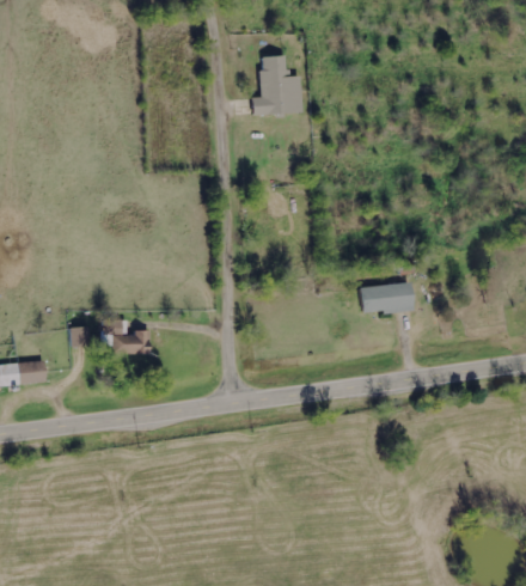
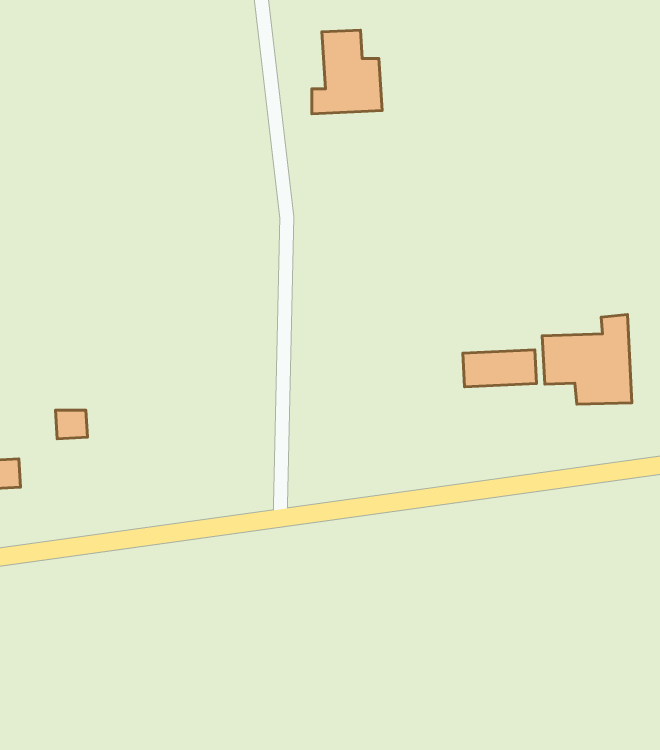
building: none -> [542,314,632,404]
building: [104,319,148,354] -> none

